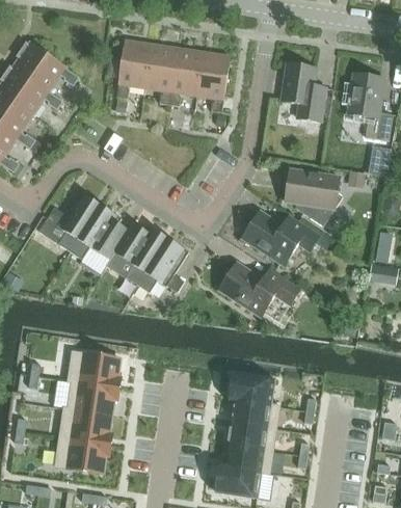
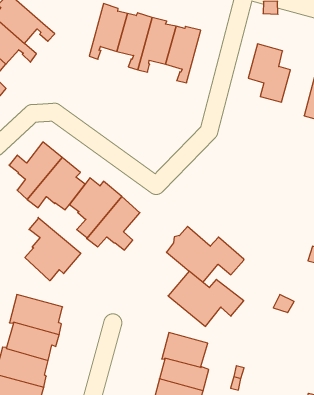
building: [285,169,342,226] -> none
building: [243,210,322,265] -> [168,271,244,326]
building: none -> [25,217,81,281]

